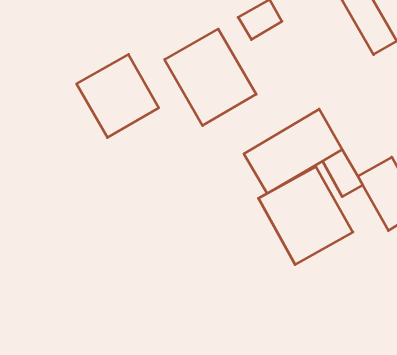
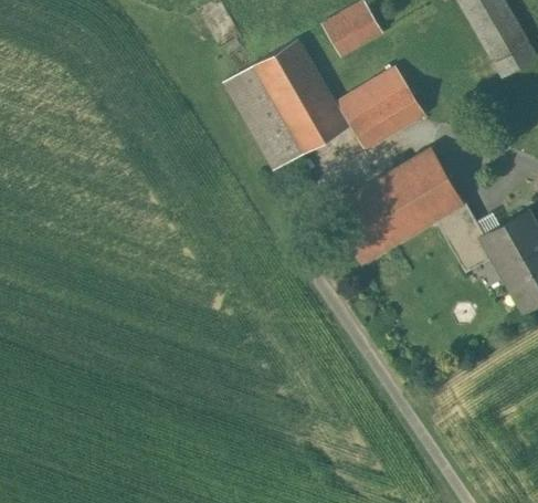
building: none -> [338,69,425,149]
building: [77,54,159,138] -> none
building: [258,167,353,265] -> none

